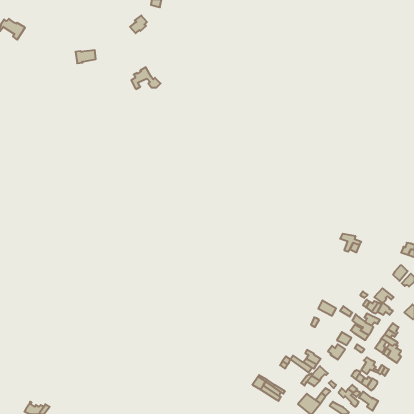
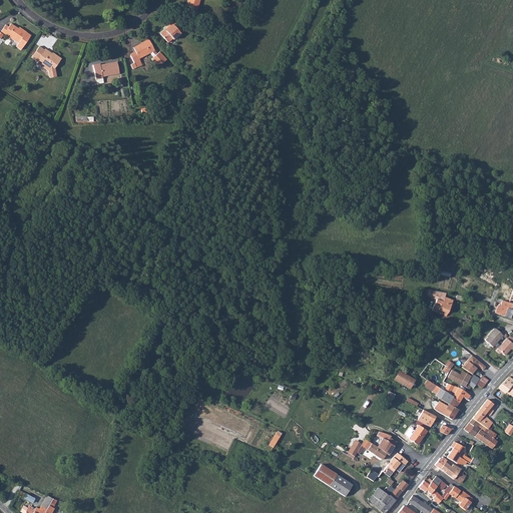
building: none -> [32,45,62,77]
building: [131,67,161,89] -> [131,38,167,65]

